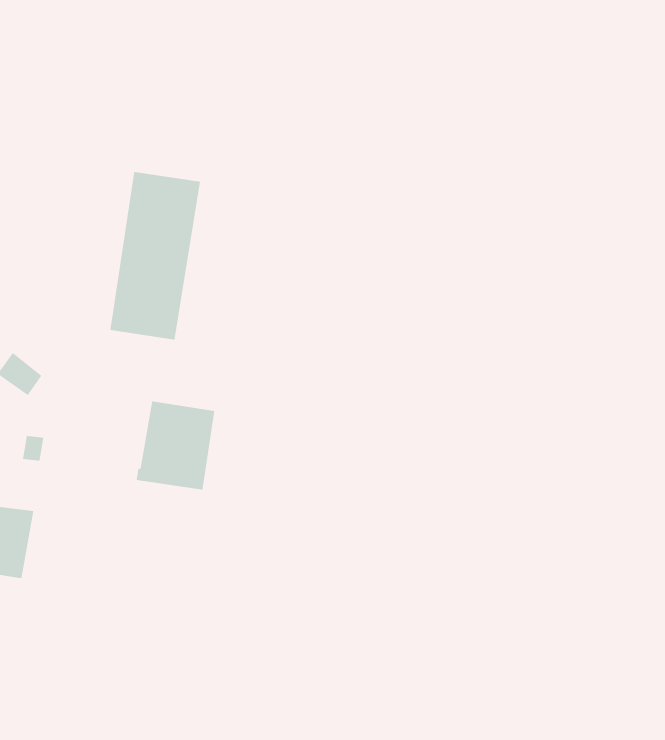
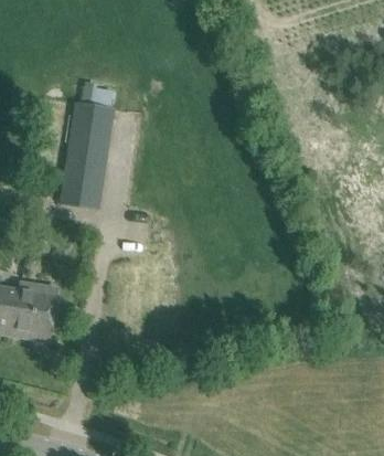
building: [136,401,215,490] -> [12,290,56,340]

